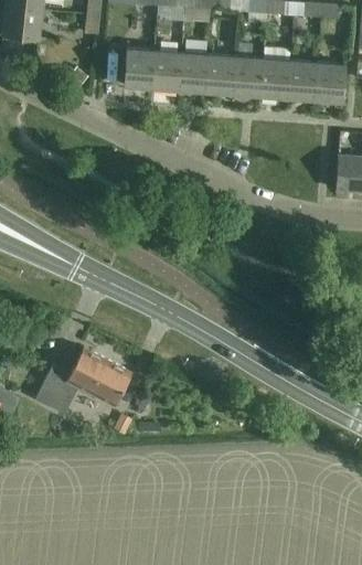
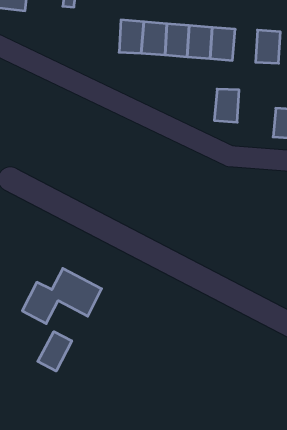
building: [124,47,153,87] -> none
building: [287,60,317,99] -> [214,89,239,122]
building: none -> [38,332,72,371]

